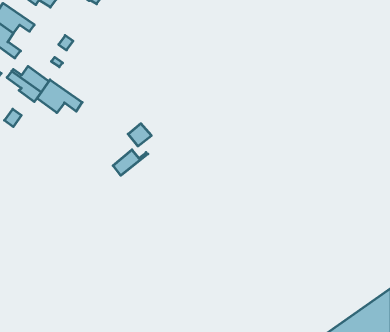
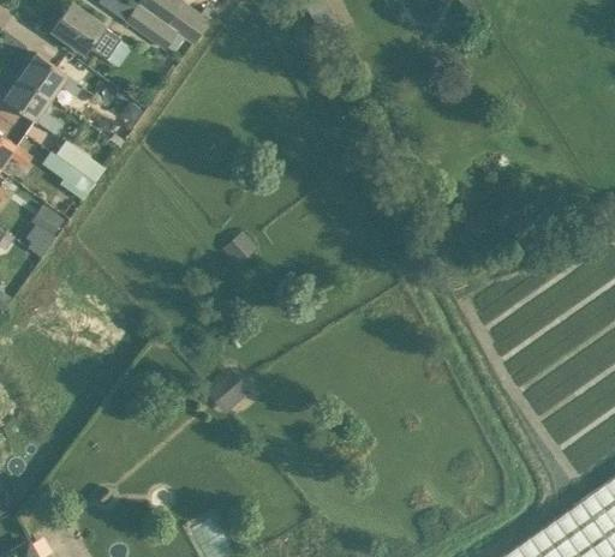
building: [37,80,82,113] -> none
building: [113,150,148,175] -> none
building: none -> [203,367,249,414]

